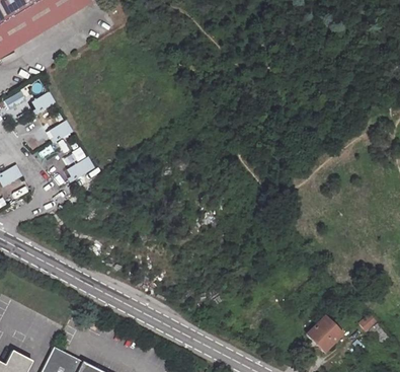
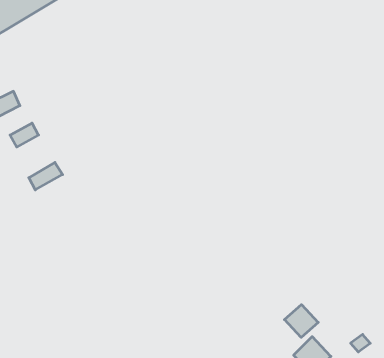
building: none -> [284,305,318,337]

